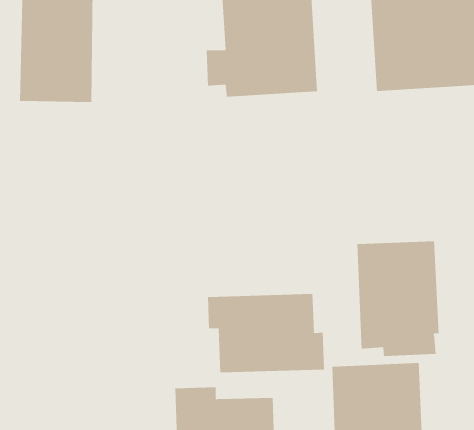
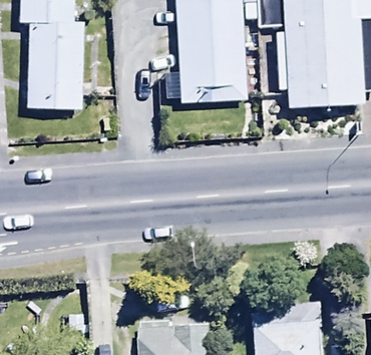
building: [357,240,439,357] -> none
building: [207,293,324,373] -> none

